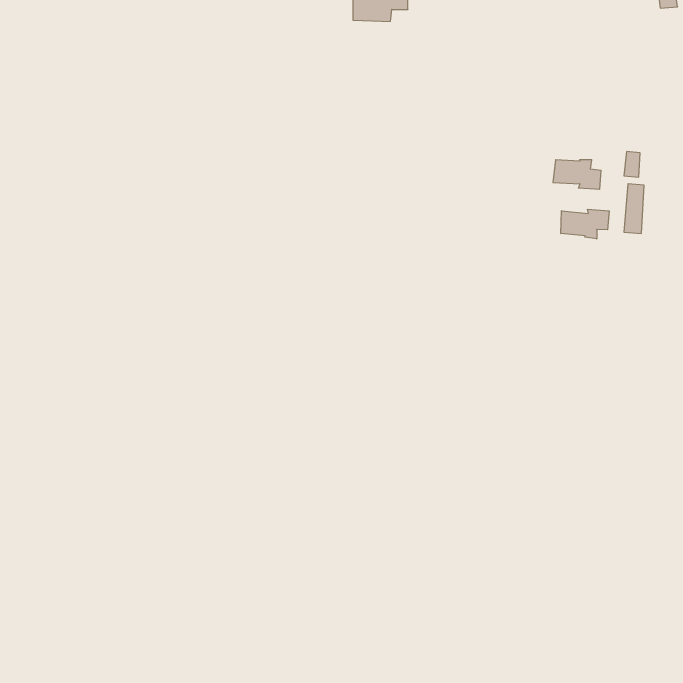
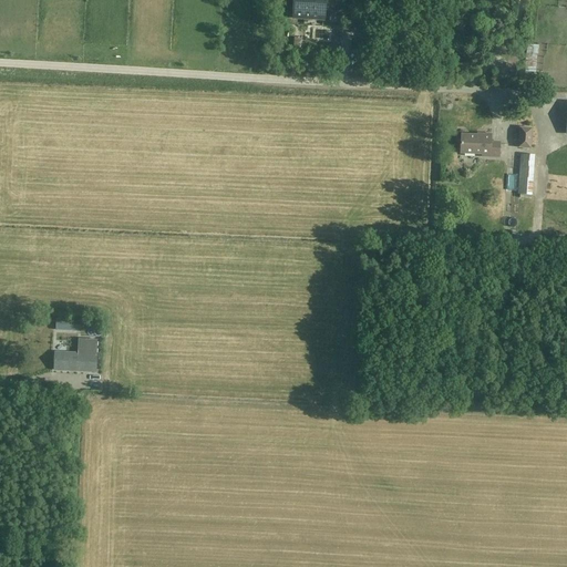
building: [561,209,609,239] -> none
building: none -> [53,338,94,369]

